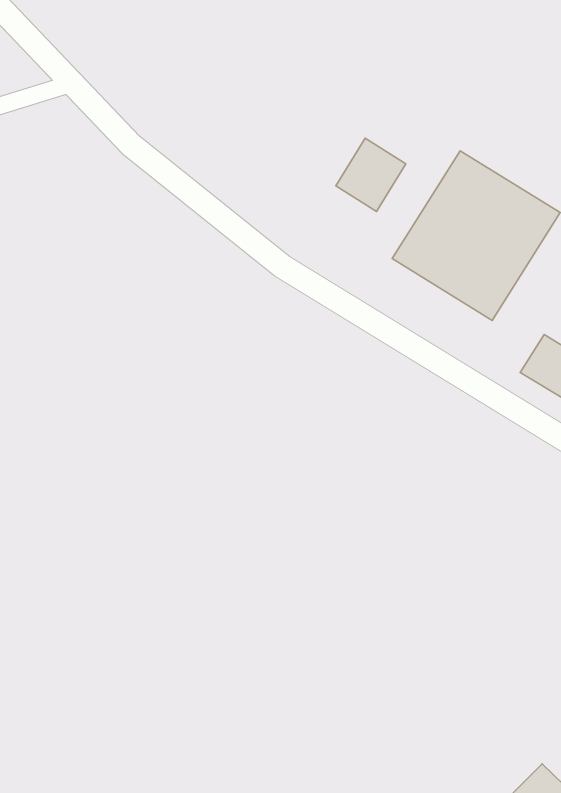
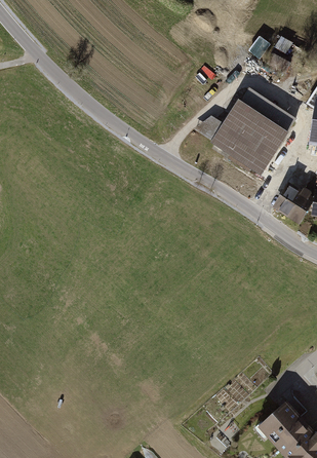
building: [336,138,406,212] -> none

